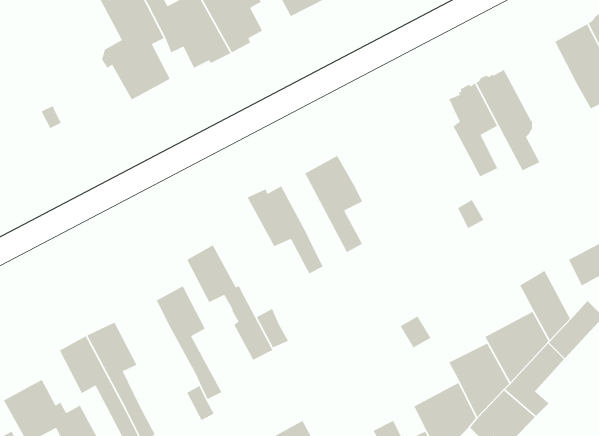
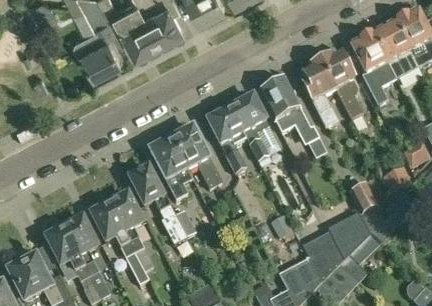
building: none -> [351,36,397,109]
building: none -> [260,82,311,137]
building: none -> [230,99,270,164]
building: none -> [151,139,193,202]
building: none -> [91,207,136,261]

